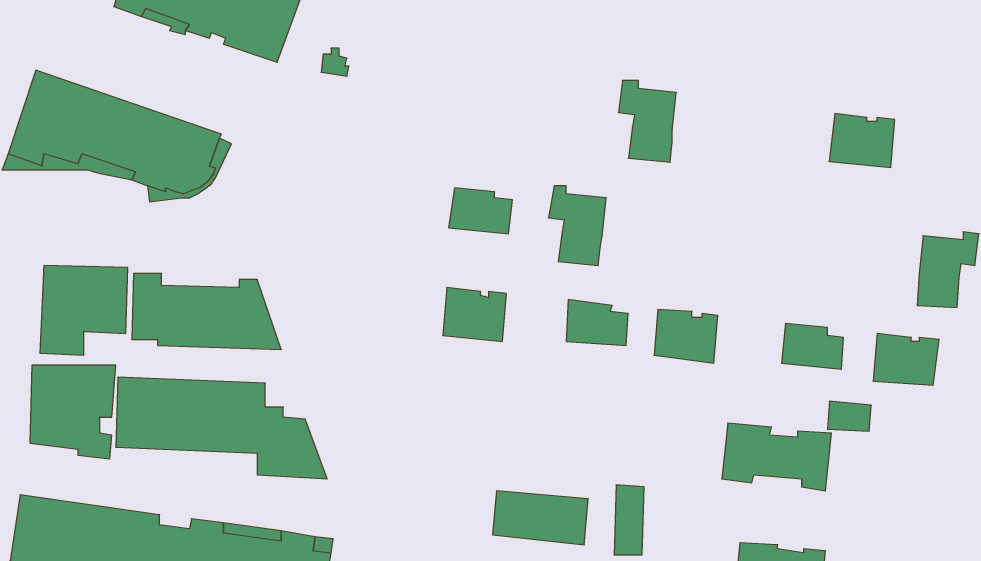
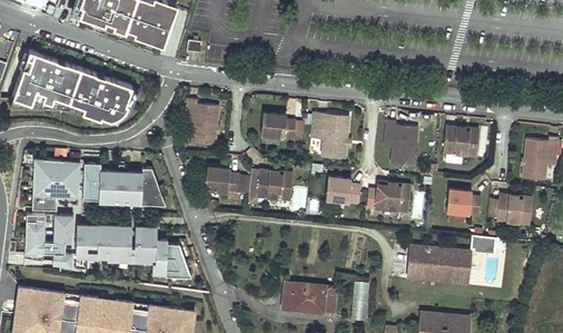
building: [618,81,676,162] -> [384,123,416,168]
building: [829,114,895,167] -> [443,127,480,157]
building: none -> [187,98,219,145]
building: none -> [203,168,238,194]

